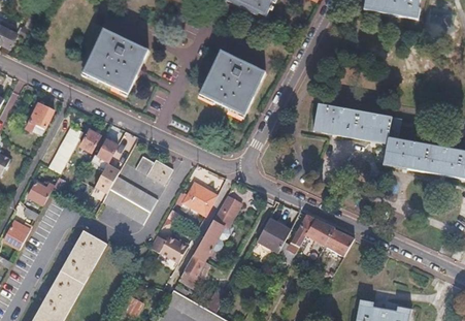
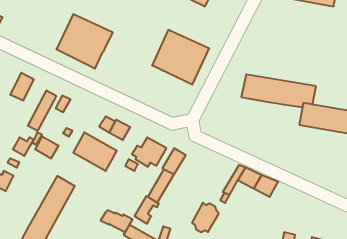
building: [97,138,126,165] -> [35,137,59,158]
building: [256,216,289,252] -> [192,203,219,232]
building: [150,231,189,258] -> [101,210,133,232]

